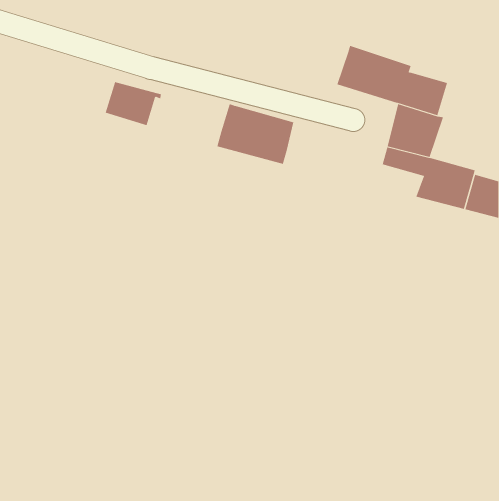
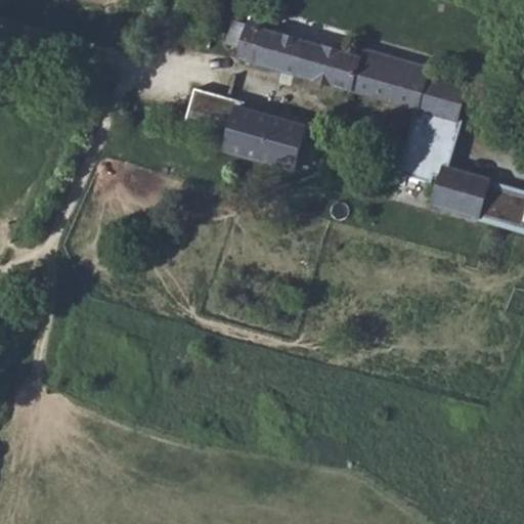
building: none -> [225,16,361,90]
building: [105,81,162,126] -> [185,93,245,139]

